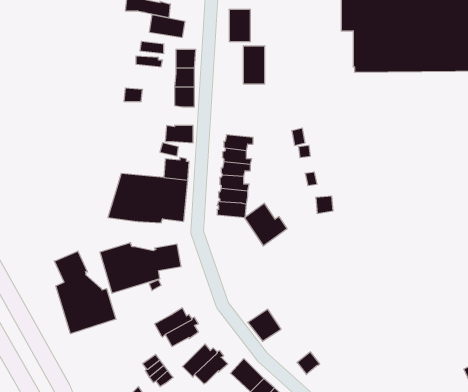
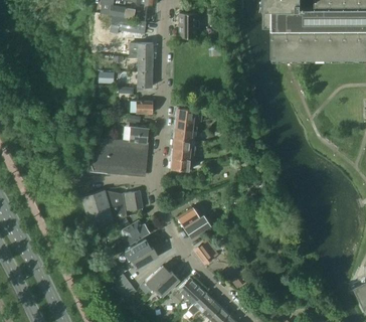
building: [244,46,265,84] -> none
building: [244,203,287,246] -> [177,207,209,239]
building: [54,251,116,334] -> none
building: none -> [121,220,149,245]

